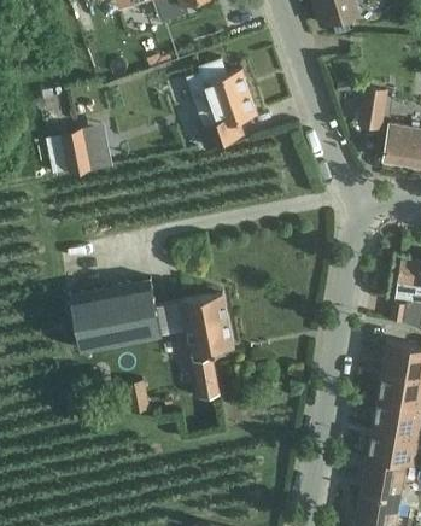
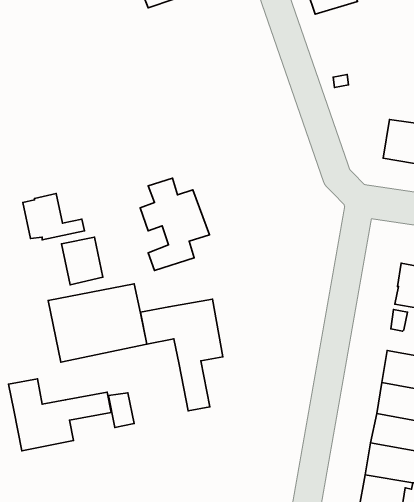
building: [192,60,257,147] -> [140,178,210,271]
building: [358,89,387,128] -> none
building: [52,130,110,174] -> [23,194,84,240]
building: none -> [62,237,103,285]
building: none -> [9,379,111,451]

